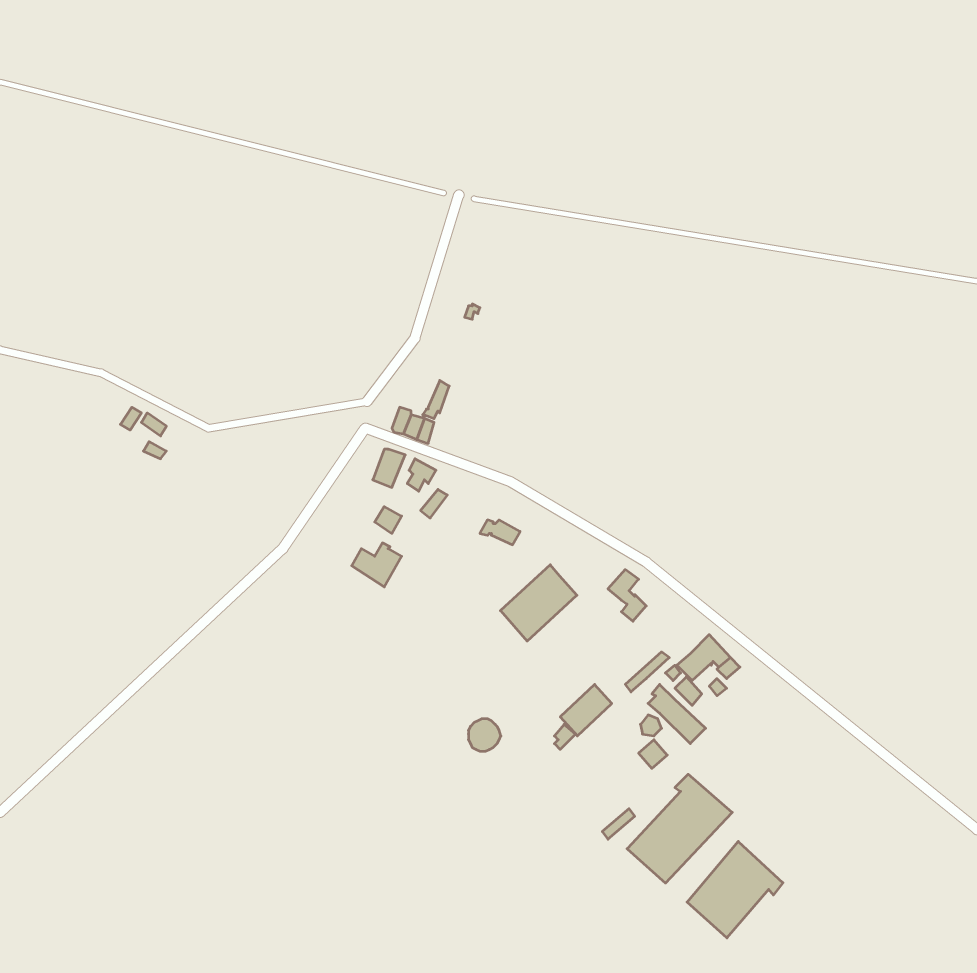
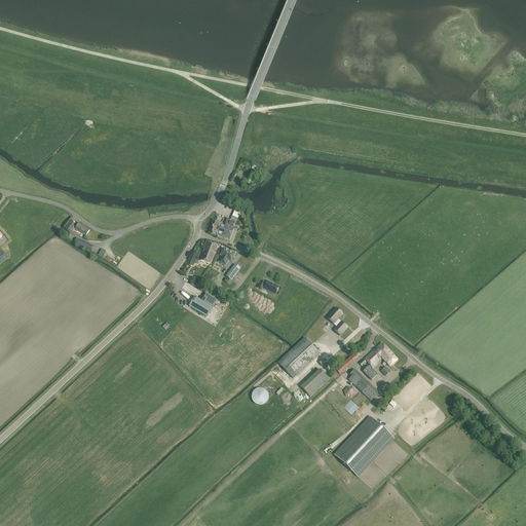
building: [500,565,577,641] -> [278,336,320,377]
building: [687,841,783,938] -> none

